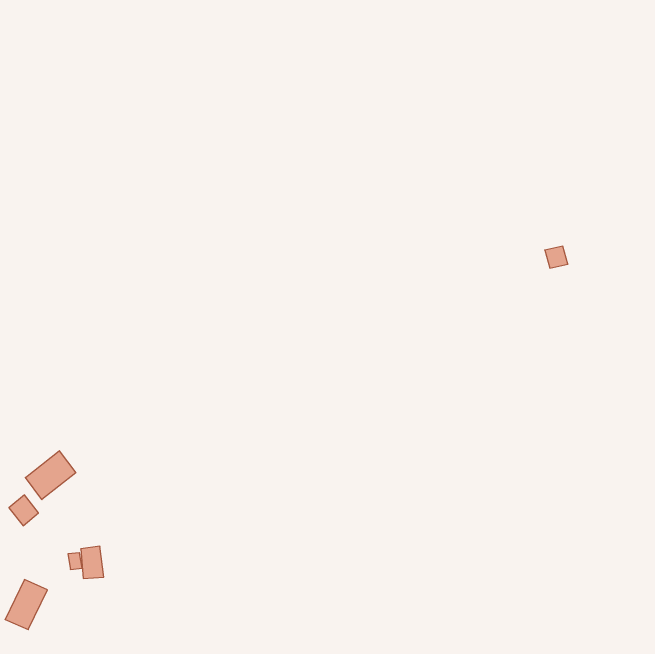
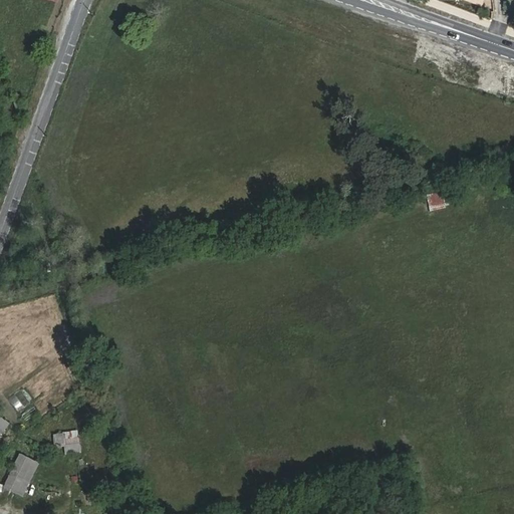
building: [25,451,76,500] -> none

